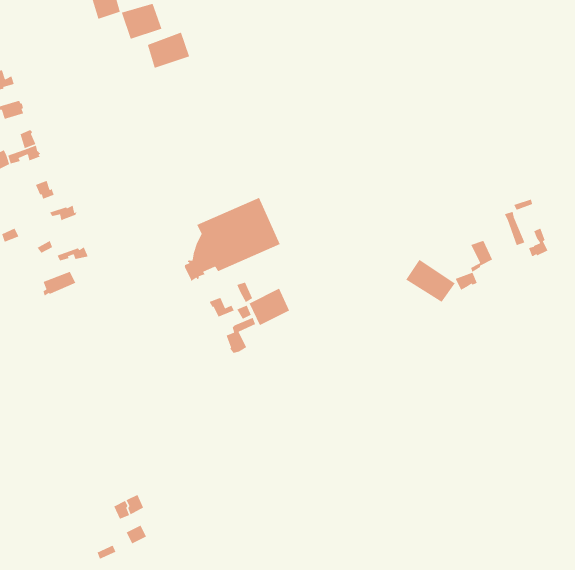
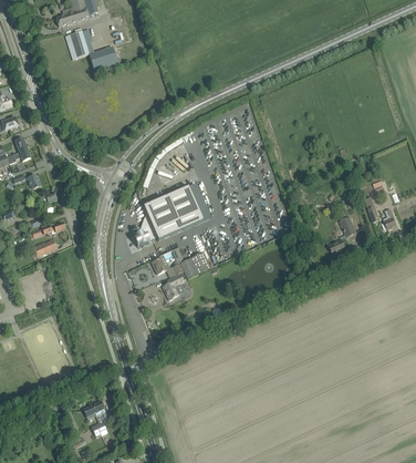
building: [147,32,190,69] -> none
building: [405,259,456,303] -> none

